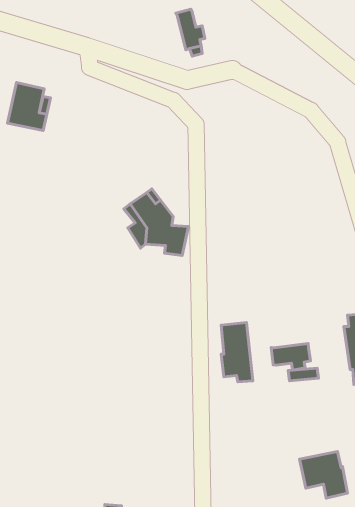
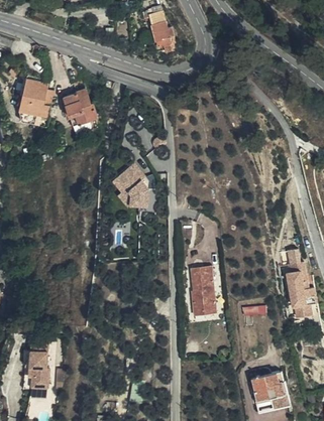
building: none -> [63,92,98,126]
building: [271,343,311,370] -> none
building: none -> [24,341,51,388]

